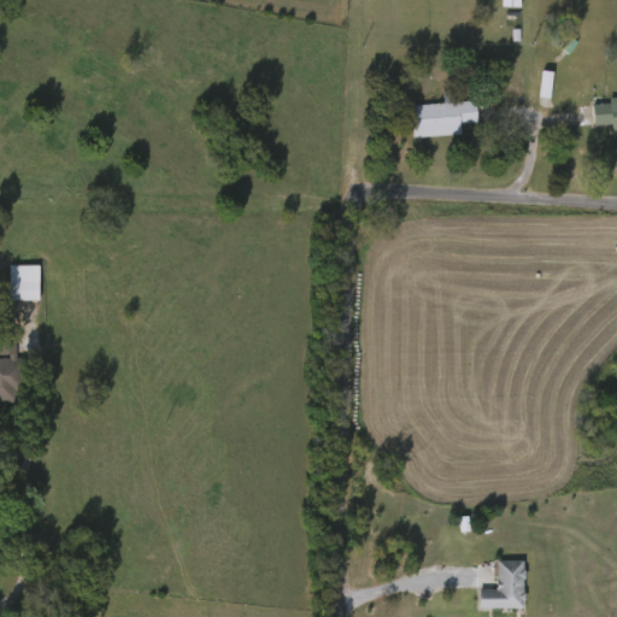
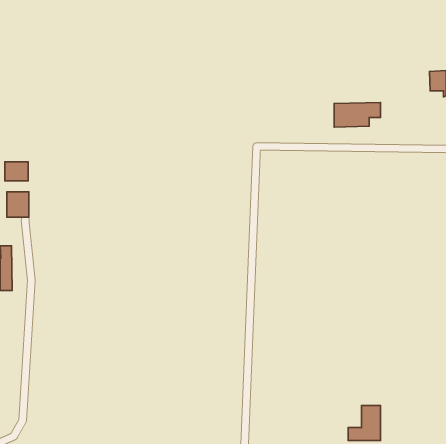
building: [413,102,477,136] -> [334,103,380,127]
building: none -> [5,162,28,181]

